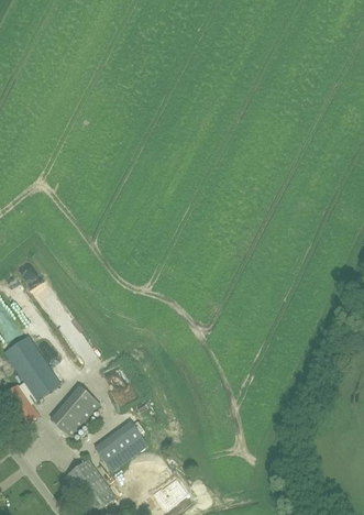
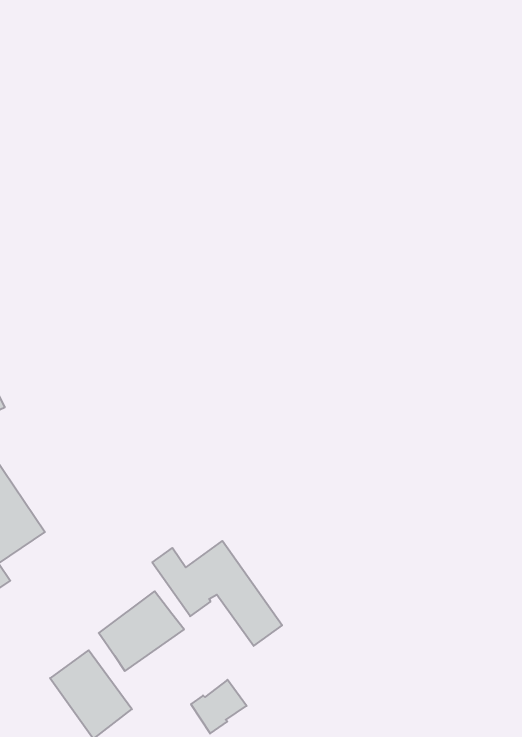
building: [49,385,99,436] -> none
building: none -> [152,541,282,646]

